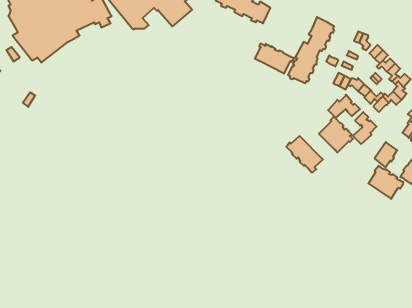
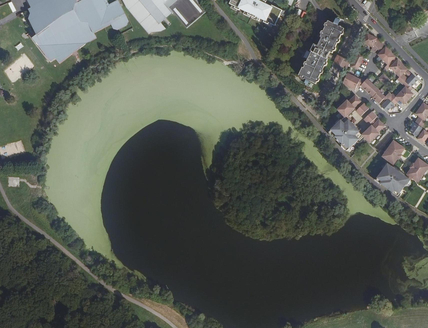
building: [255,43,294,74] -> none
building: [286,136,323,172] -> none

